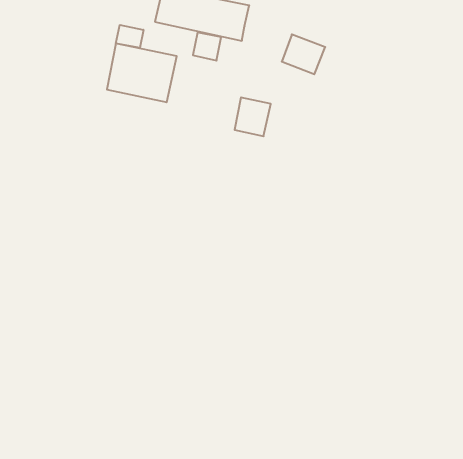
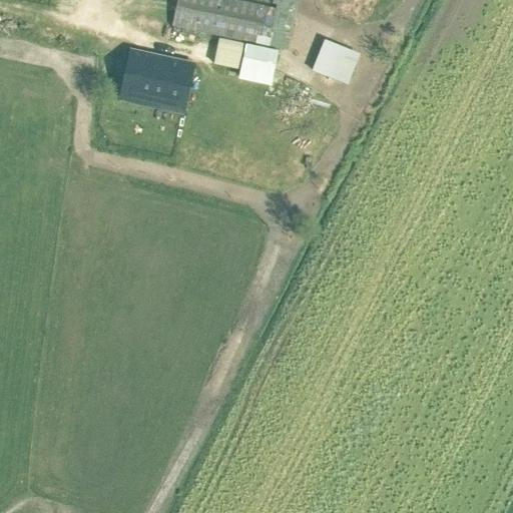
building: [116,25,143,48] -> none
building: [235,97,271,136] -> [238,42,279,85]

